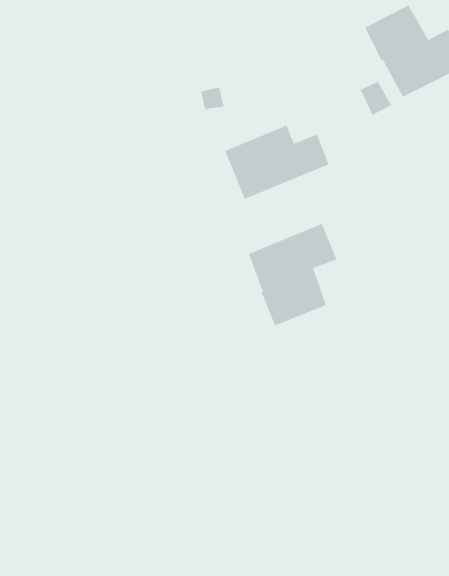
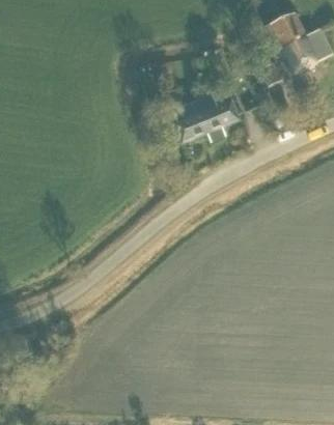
building: [248,223,337,326] -> none

